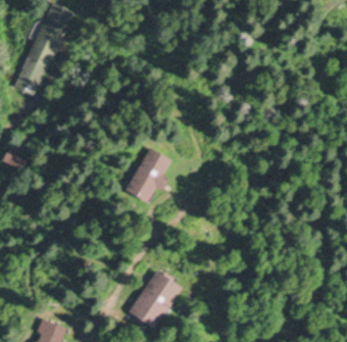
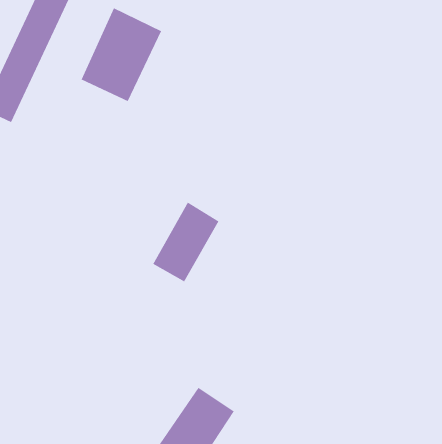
building: none -> [80,7,162,102]

